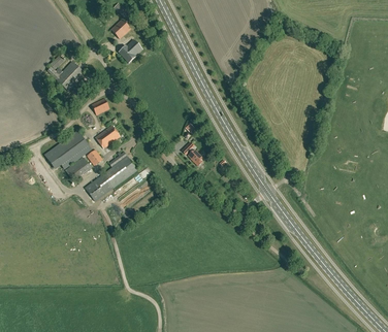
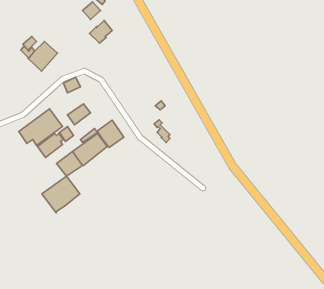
building: none -> [97,120,124,148]
building: none -> [42,176,80,213]

